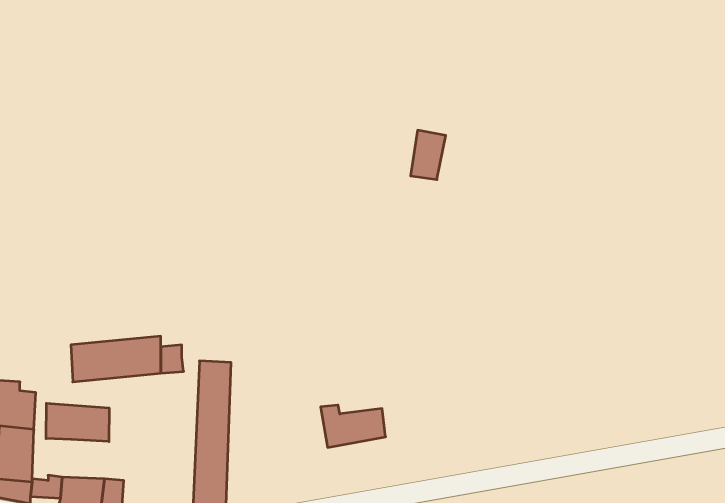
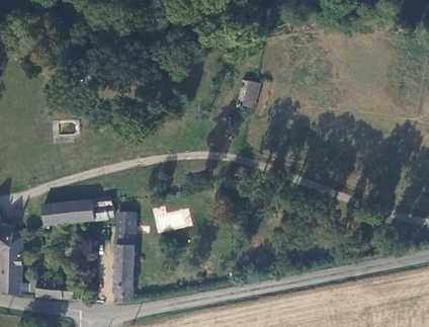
building: [46,403,109,442] -> none
building: [321,405,386,447] -> [152,208,189,232]

